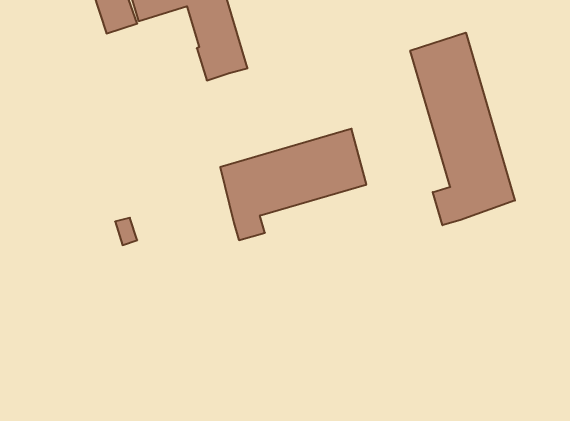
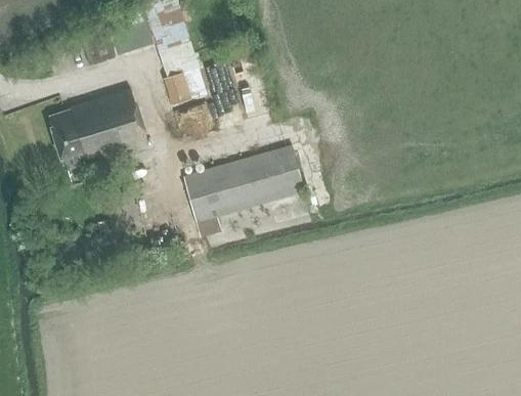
building: [410,33,515,225] -> none
building: none -> [49,88,148,168]

